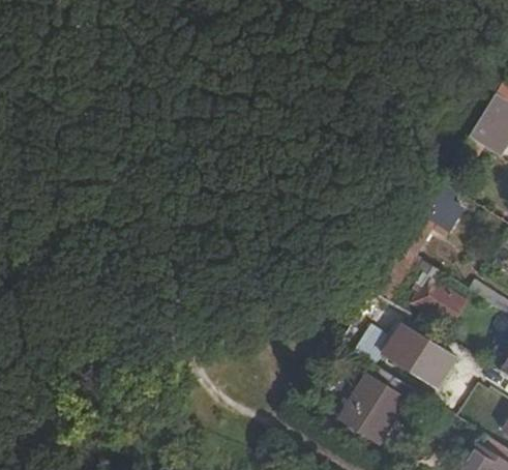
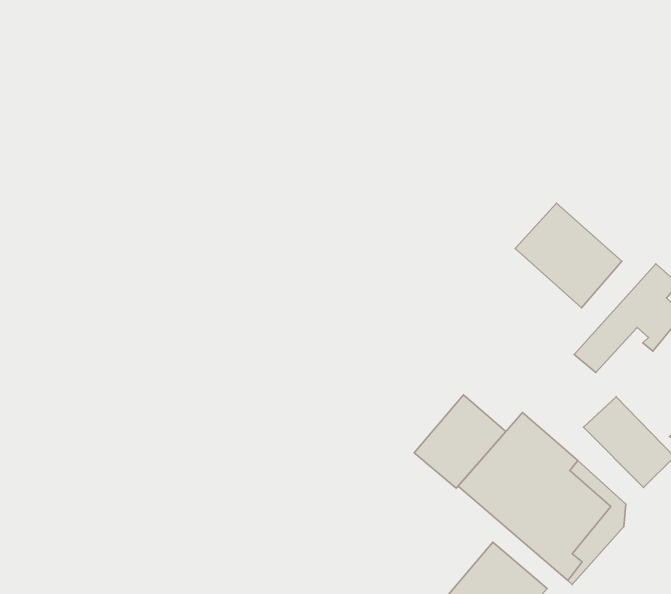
building: none -> [515,203,622,308]
building: none -> [414,395,506,488]

